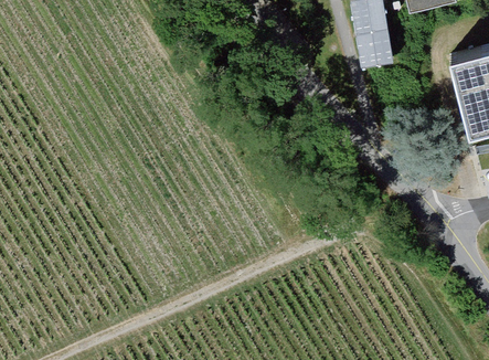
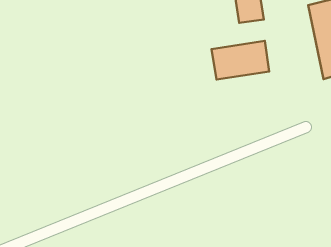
building: none -> [211,41,269,80]

